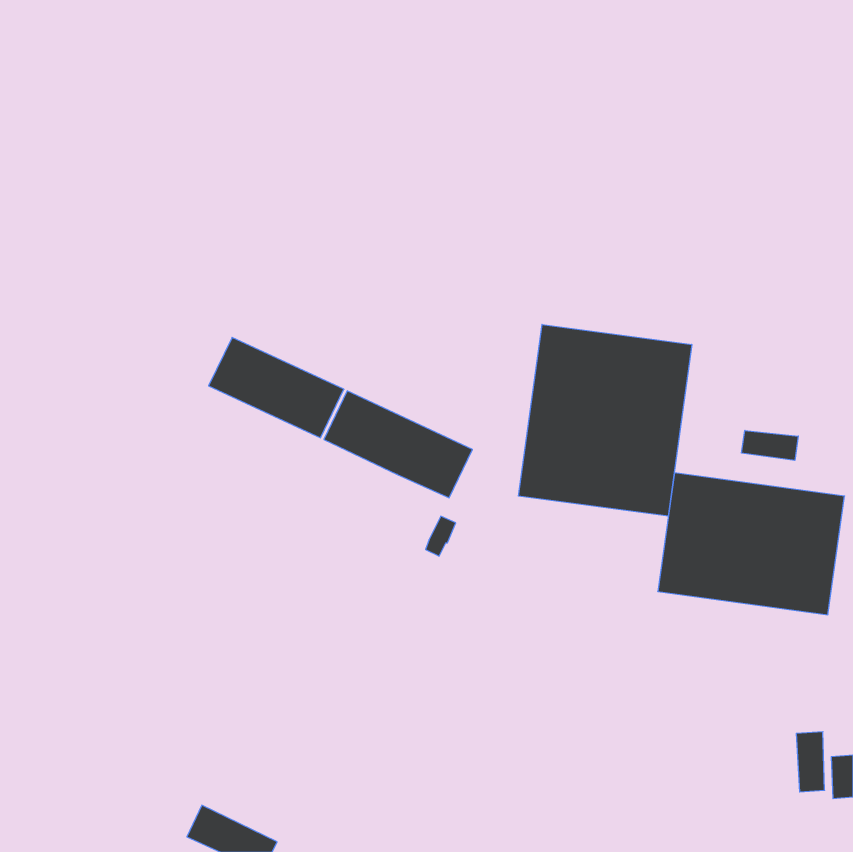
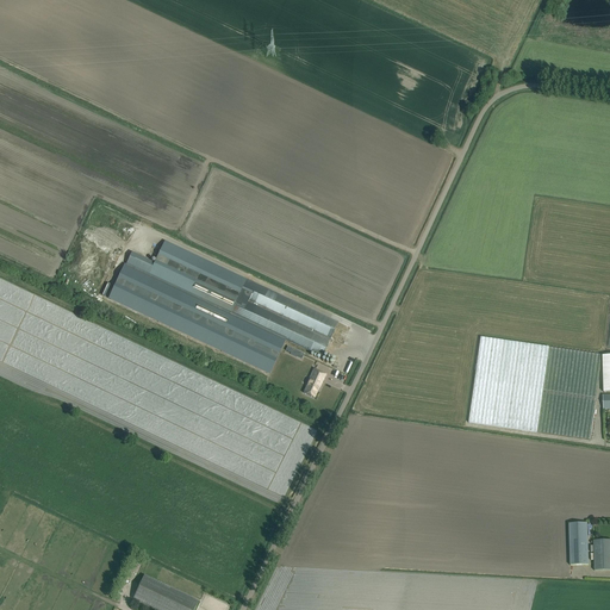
building: [519,324,692,516] -> none
building: none -> [110,264,284,373]
building: [742,430,798,460] -> none

